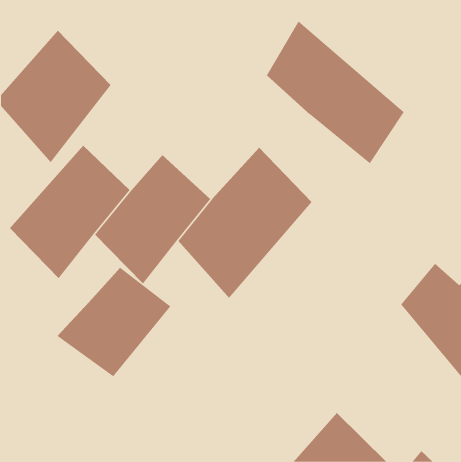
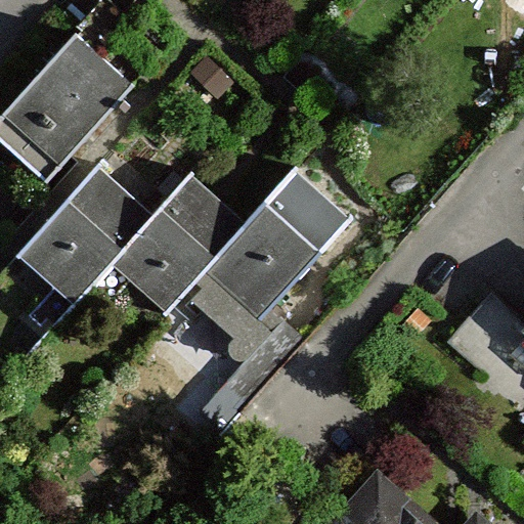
building: [266,21,405,164] -> none
building: [57,267,171,377] -> none

